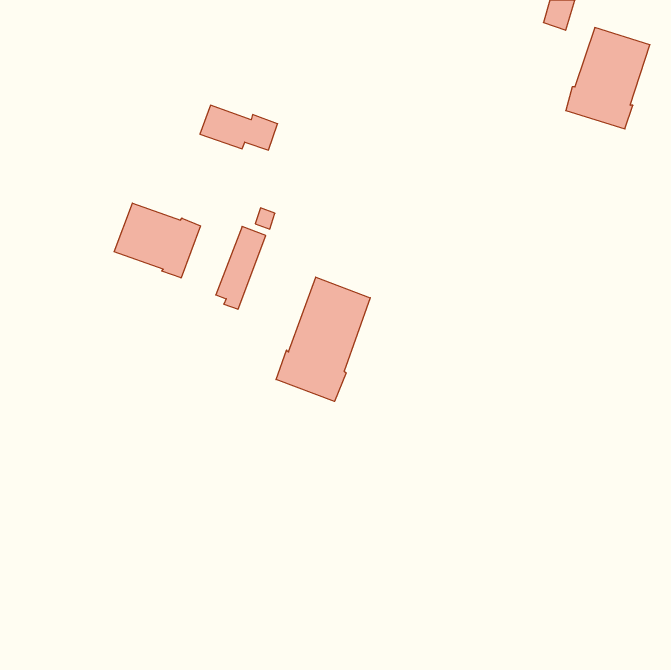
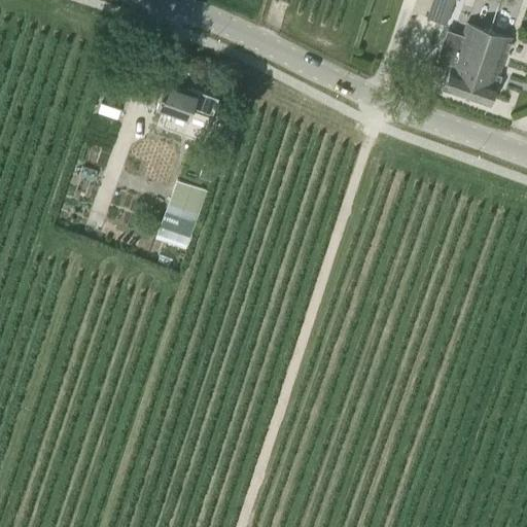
building: [114,203,201,278] -> none
building: [276,277,370,401] -> none

